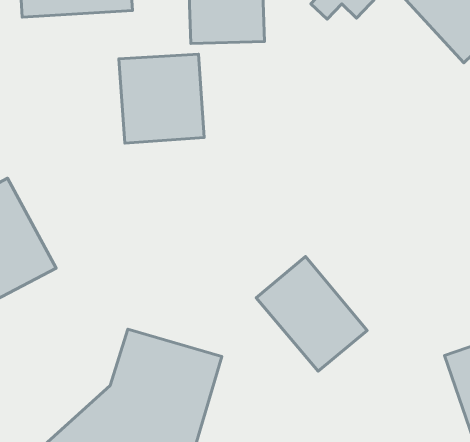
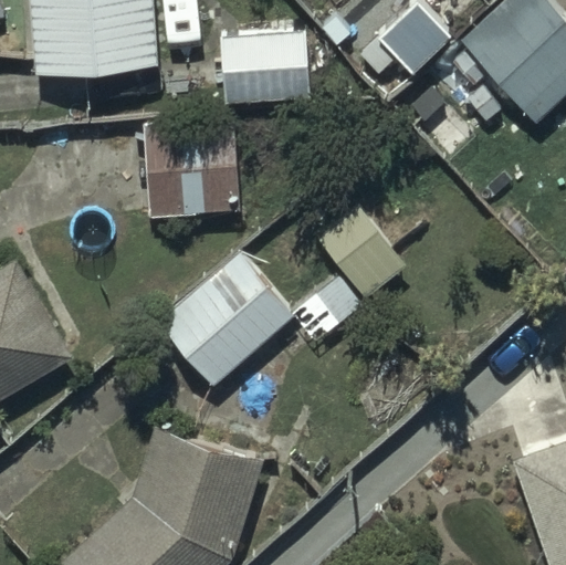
building: none -> [157,208,407,388]
building: [256,256,367,371] -> none

